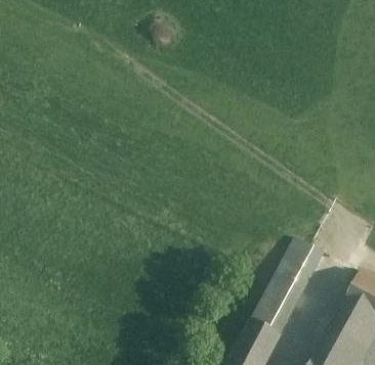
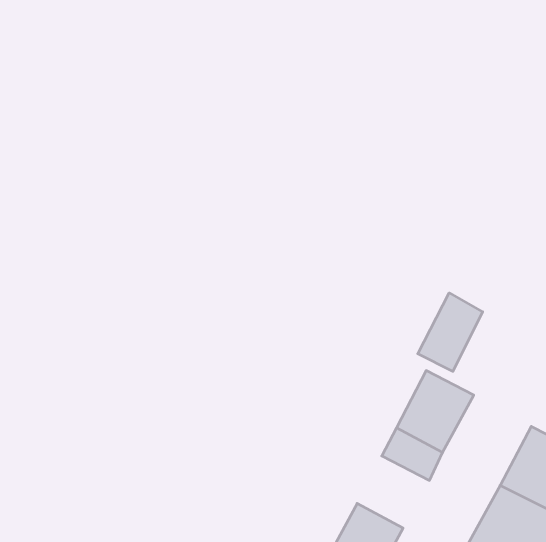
building: none -> [418,293,483,371]
building: [250,289,295,334] -> none

